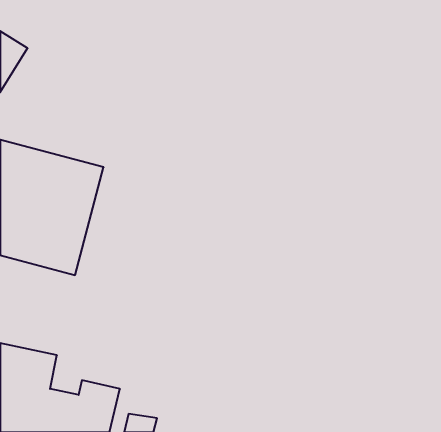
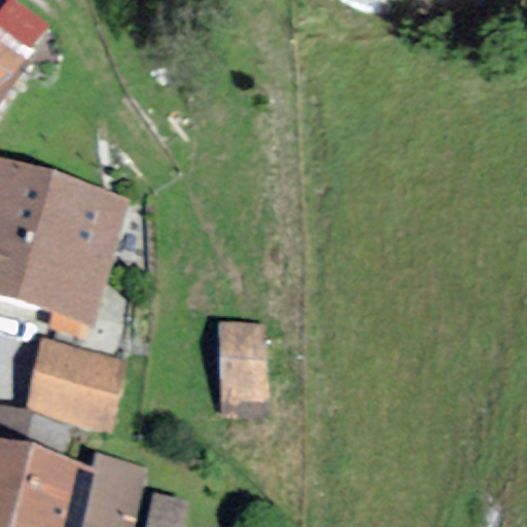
building: none -> [218,321,264,417]
building: none -> [27,343,125,429]

